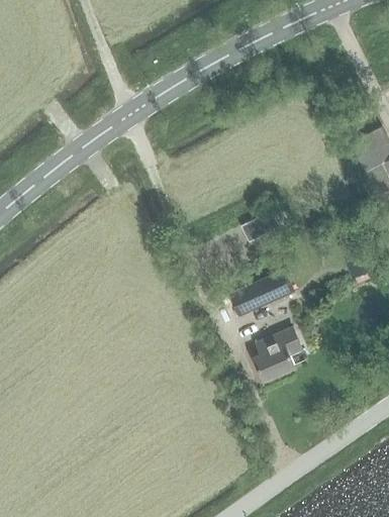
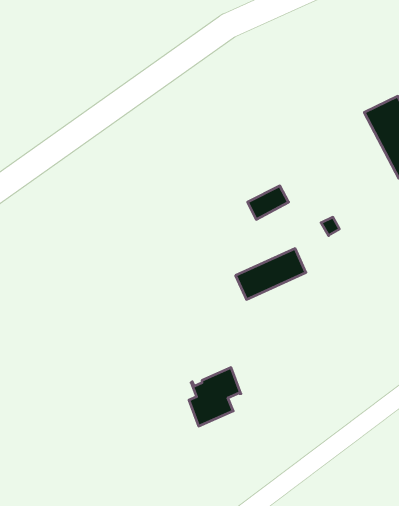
building: [254,326,302,381] -> [189,368,241,426]

